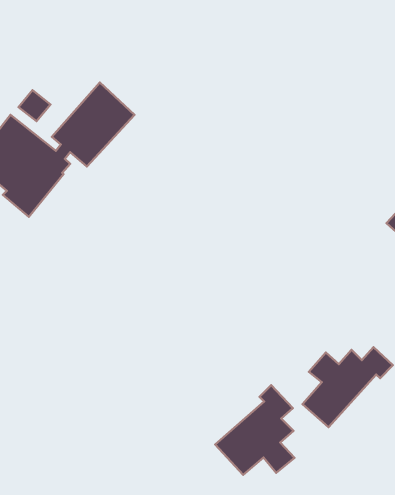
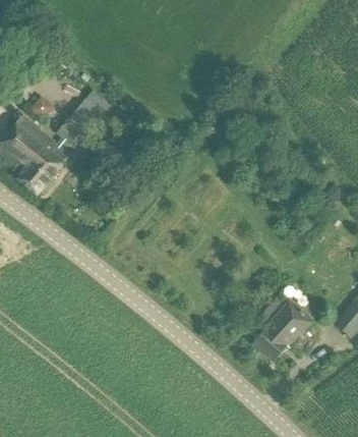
building: [215,385,294,475] -> none

